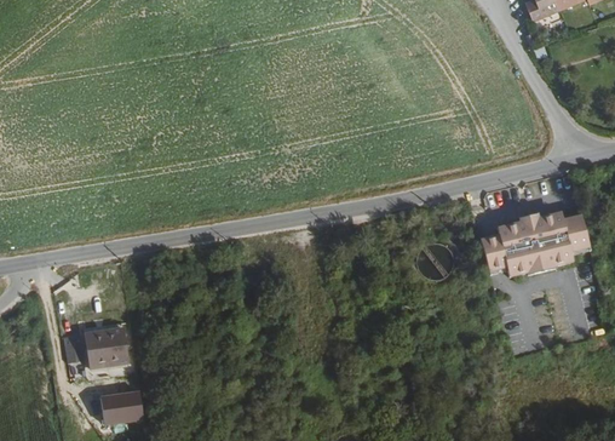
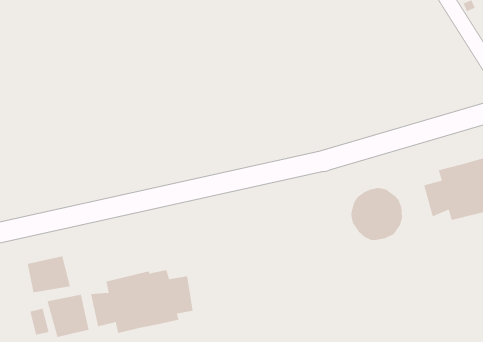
building: none -> [27,255,71,293]
building: none -> [90,269,194,334]

